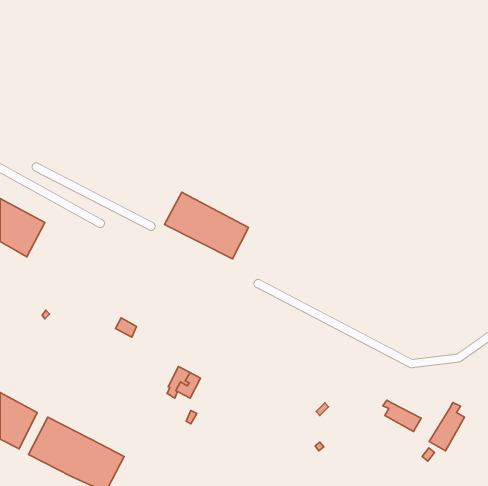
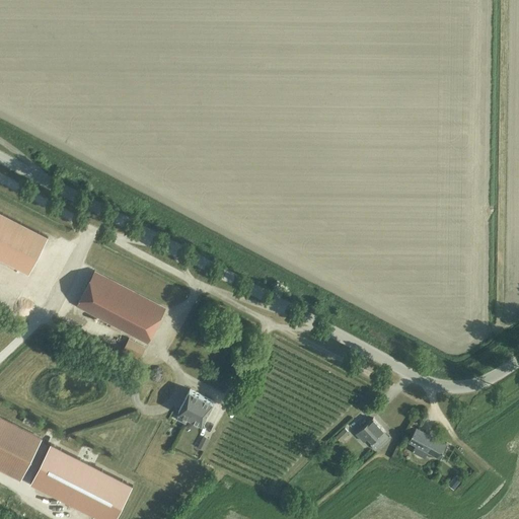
building: [165,192,249,259] -> [76,273,165,344]
building: none -> [356,420,389,452]
building: [429,403,465,451] -> none

